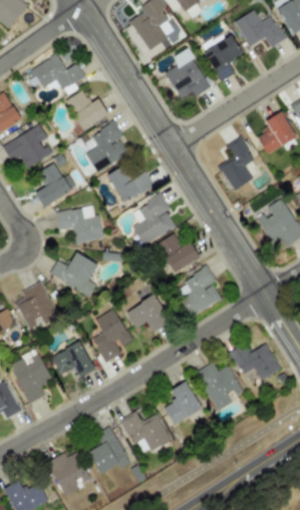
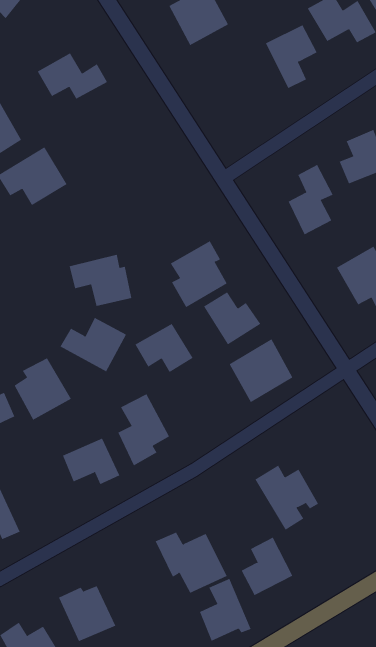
building: [166,48,211,98] -> none
building: [65,89,108,129] -> none
building: [85,121,127,172] -> none
building: [107,162,154,202] -> none
building: [35,163,76,207] -> none
building: [126,295,171,332] -> [134,323,193,373]
building: [230,343,280,380] -> none
building: [9,350,51,404] -> none
building: [164,381,203,425] -> [241,537,293,596]
building: [89,426,128,473] -> [199,578,251,641]

